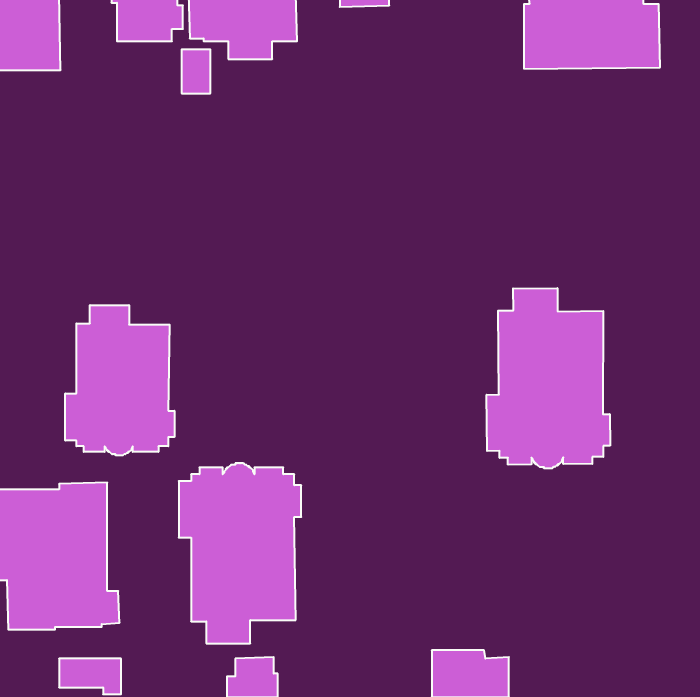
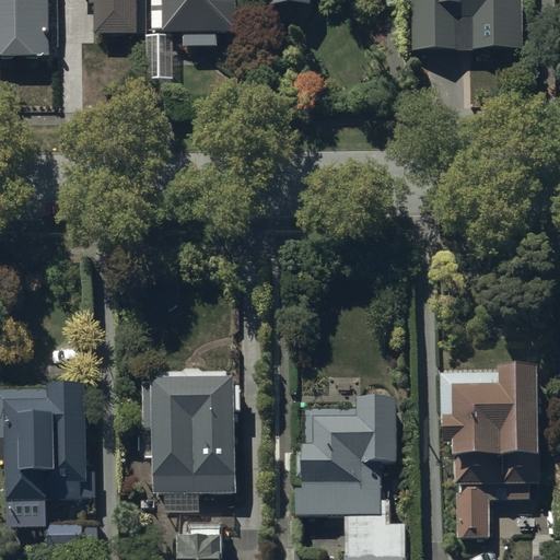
building: [487,288,610,468] -> none
building: [65,305,174,455] -> none
building: none -> [442,371,539,537]
building: none -> [295,398,396,514]

